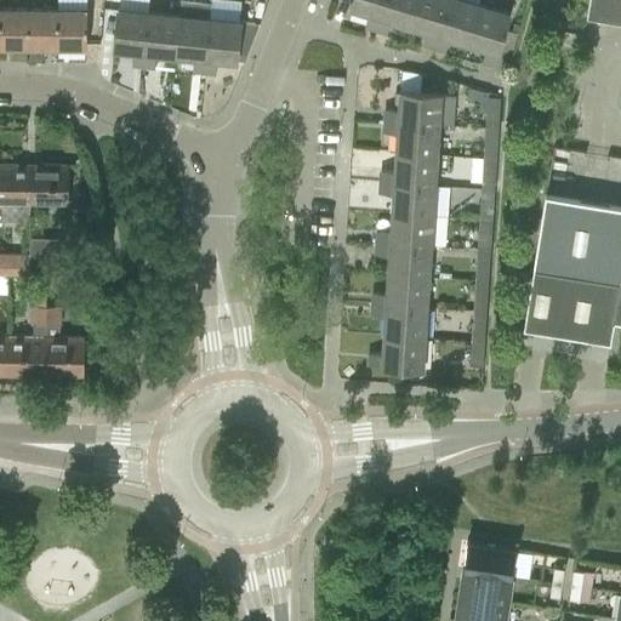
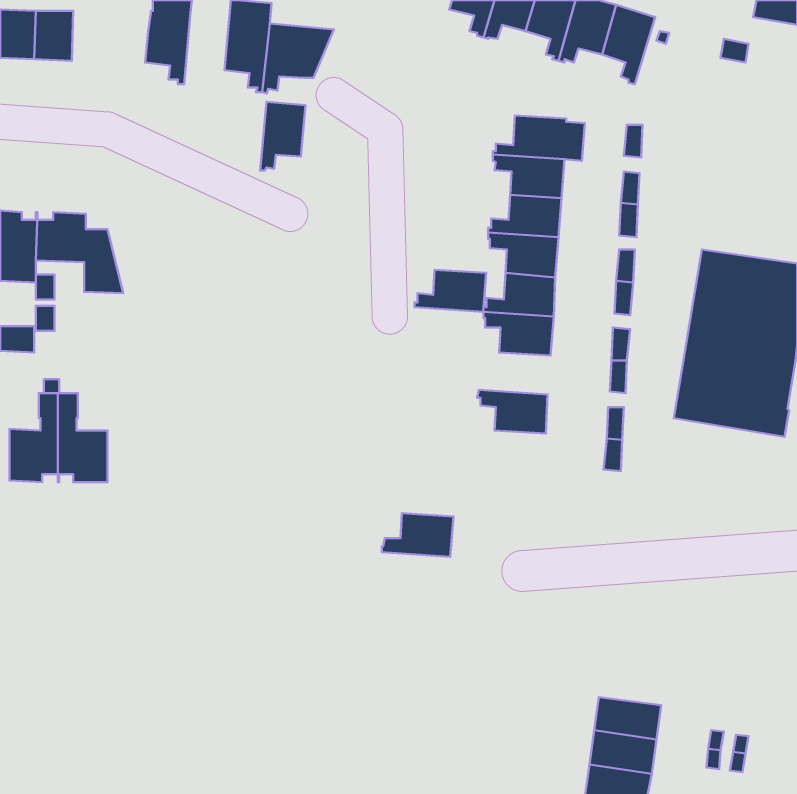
building: [56,11,86,50] -> none
building: [143,15,178,68] -> [260,102,305,171]
building: [372,277,428,309] -> [414,270,486,312]
building: [369,337,425,371] -> [382,513,453,557]

